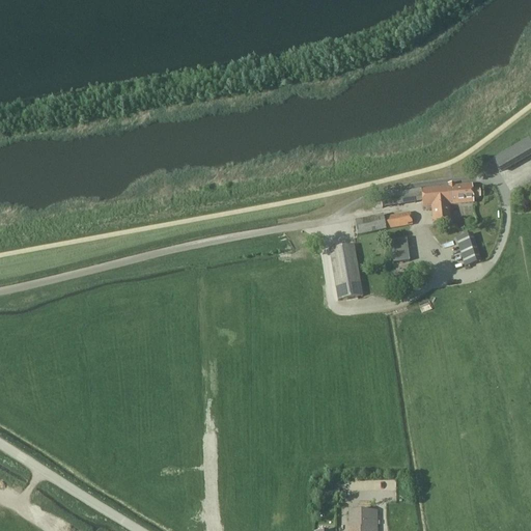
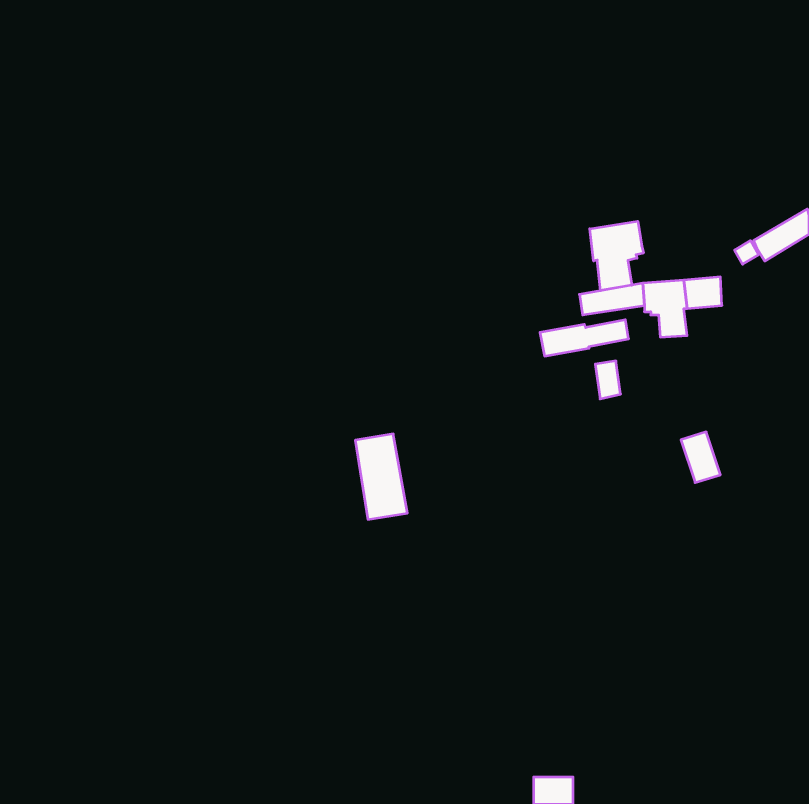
building: none -> [590,221,643,291]
building: [454,231,480,264] -> [681,432,720,483]
building: [329,243,363,299] -> [355,434,407,519]

